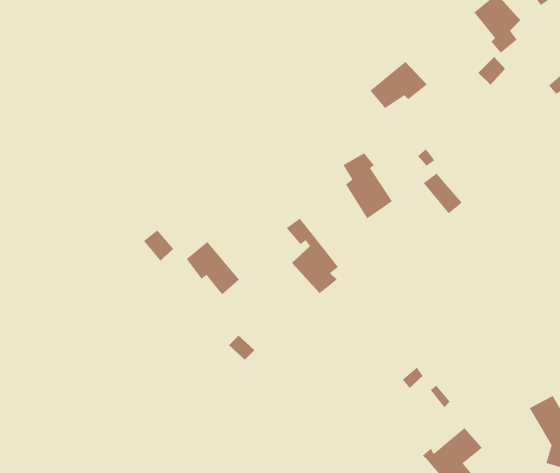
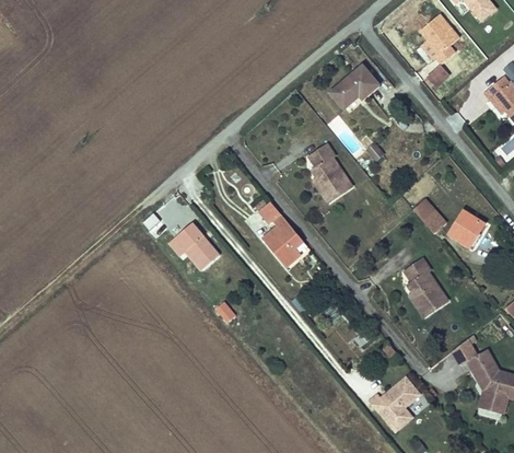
building: [423,173,463,214] -> [412,199,446,234]
building: none -> [449,213,484,245]
building: none -> [402,263,446,318]

